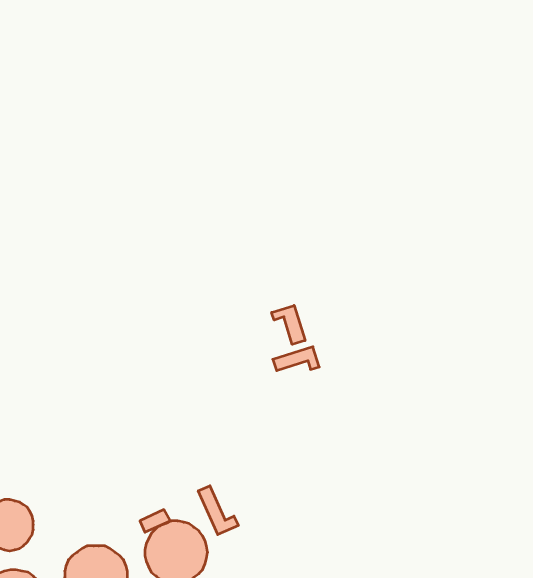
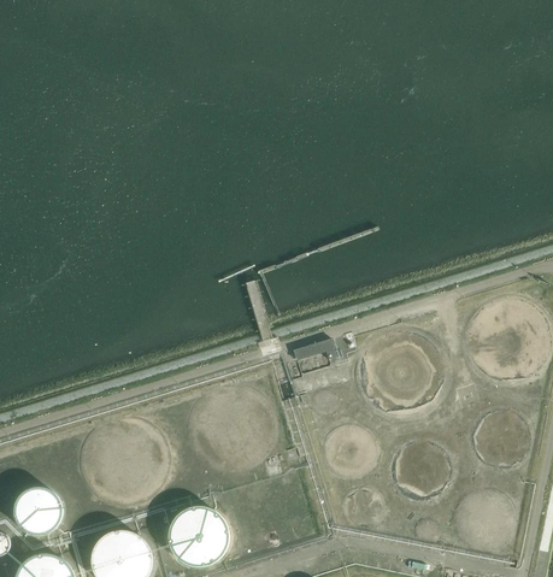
building: [272,305,305,344] -> none
building: [198,486,238,535] -> none

